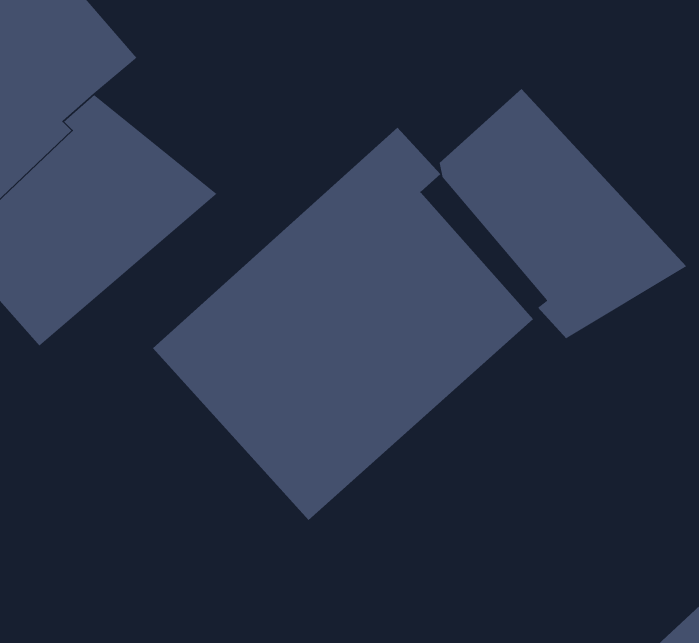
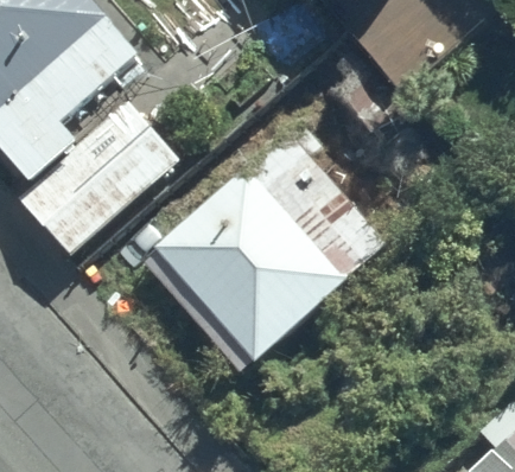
building: [439,88,687,339] -> none

